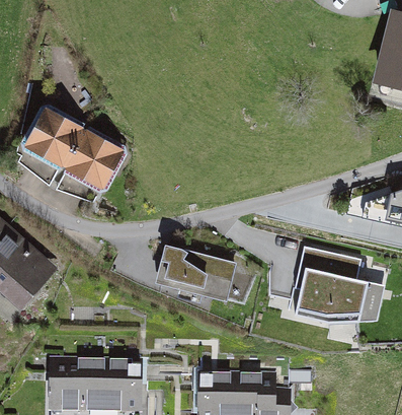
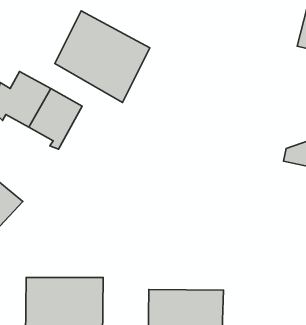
building: none -> [55,11,150,103]
building: [158,245,232,298] -> none
building: [296,247,370,322] -> none

